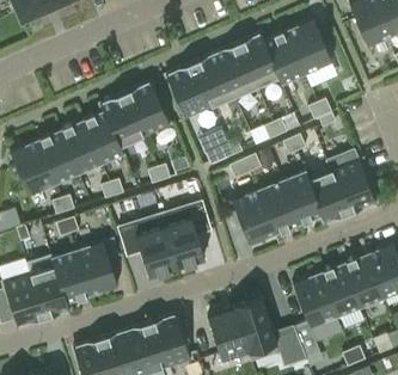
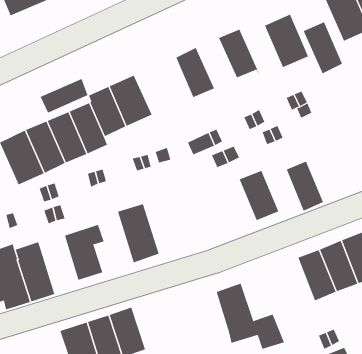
building: [261,30,305,85] -> [300,21,343,74]
building: [215,43,257,96] -> none
building: [166,62,212,117] -> none
building: none -> [40,78,88,113]
building: [326,148,375,214] -> none
building: [283,171,326,223] -> none
building: [232,190,277,245] -> none
building: [160,205,206,268] -> none
building: [51,248,92,309] -> none
building: [293,271,338,327] -> none
building: [208,307,249,358] -> none
building: [148,314,190,367] -> none

